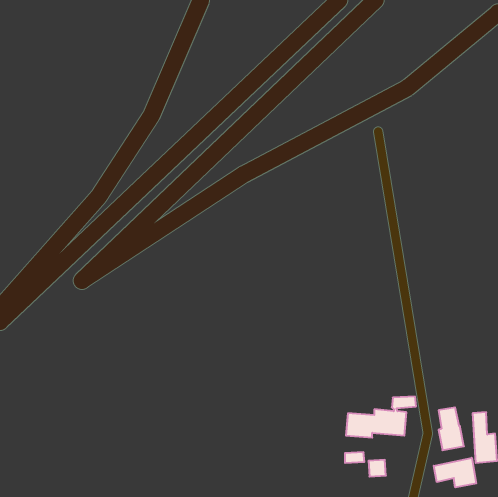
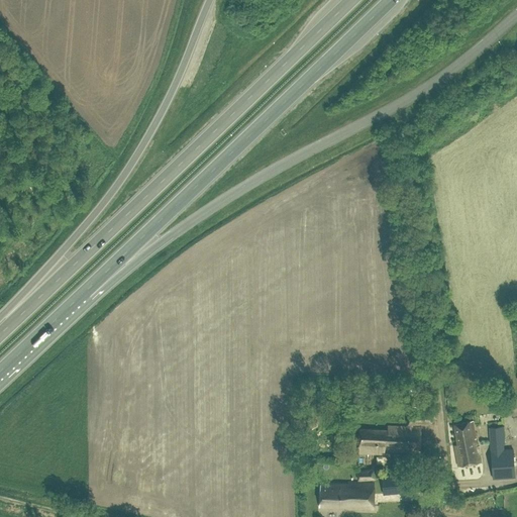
building: [434,458,476,487] -> none
building: none -> [320,484,373,510]

